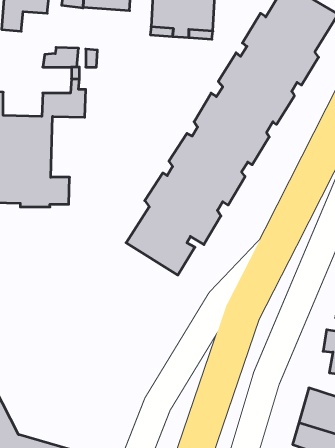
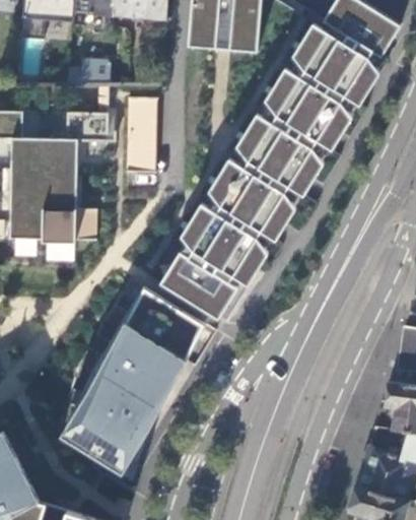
building: none -> [127,98,155,171]
building: none -> [69,284,206,477]

